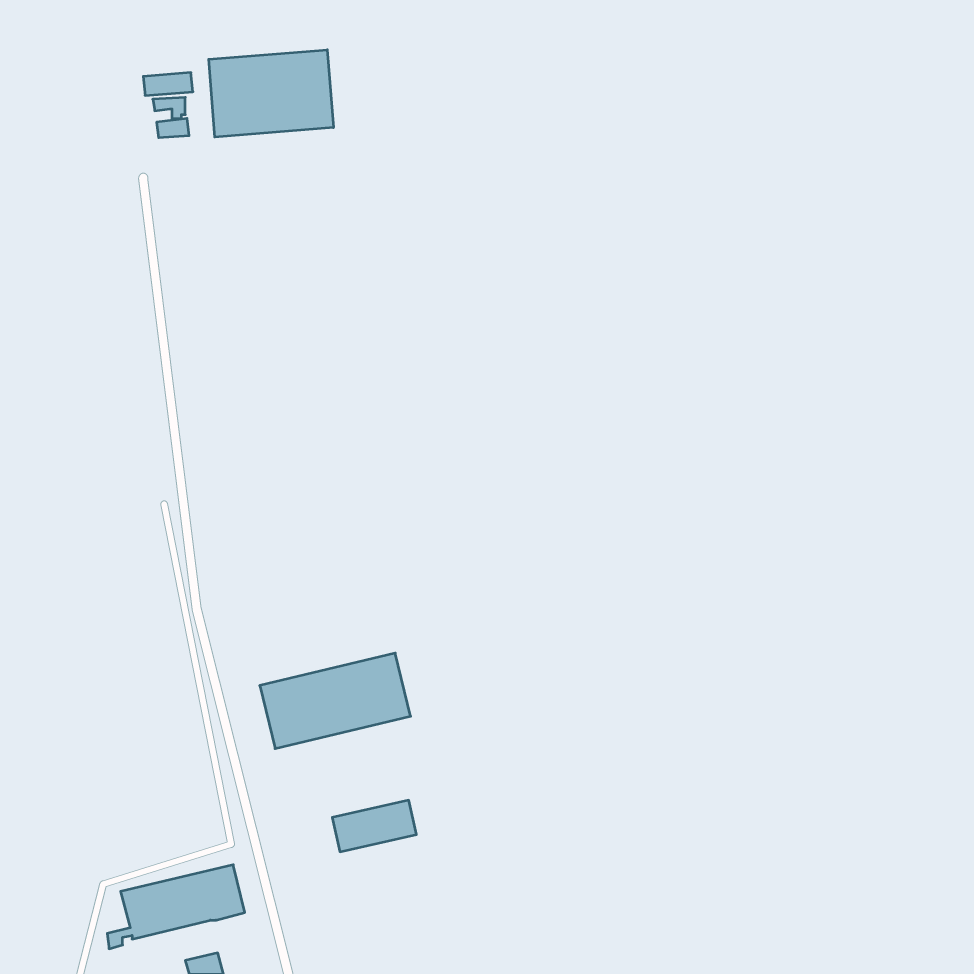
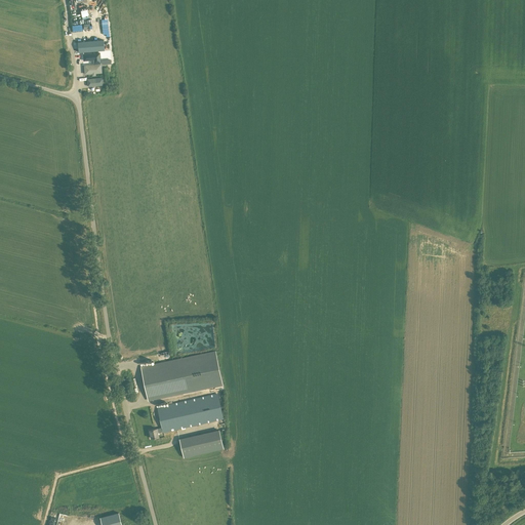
building: [209,50,333,137] -> none
building: [107,865,245,949] -> [149,392,223,437]

